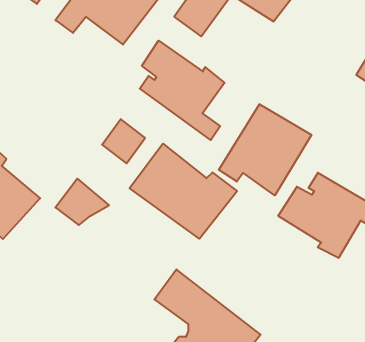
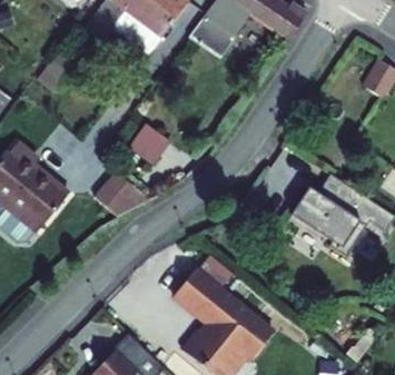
building: [140,41,225,140] -> none
building: [219,104,311,195] -> none
building: [130,144,237,239] -> none

